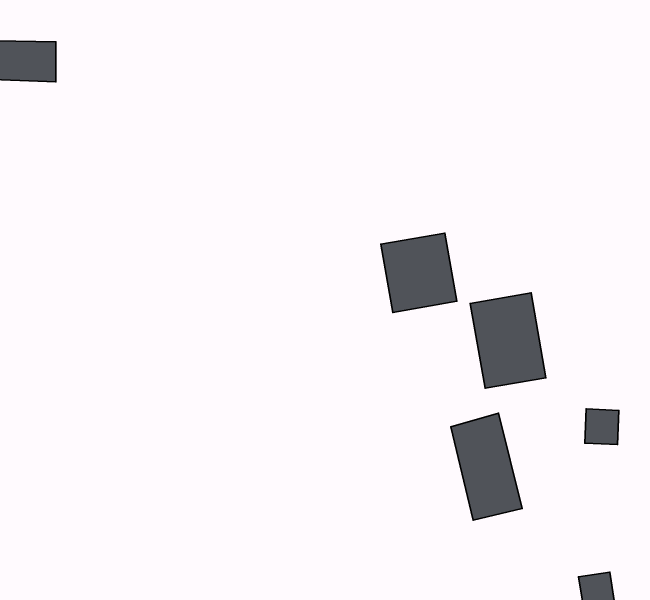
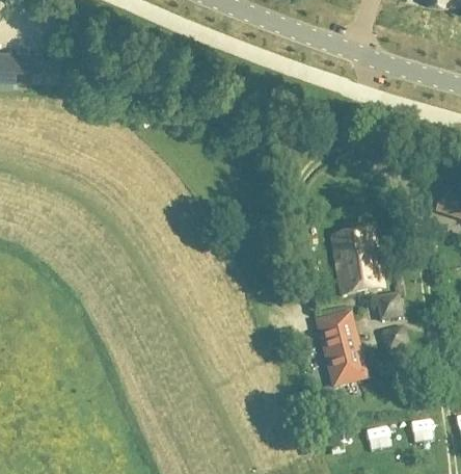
building: [381,233,457,313] -> none
building: [585,409,619,445] -> [374,295,398,320]

